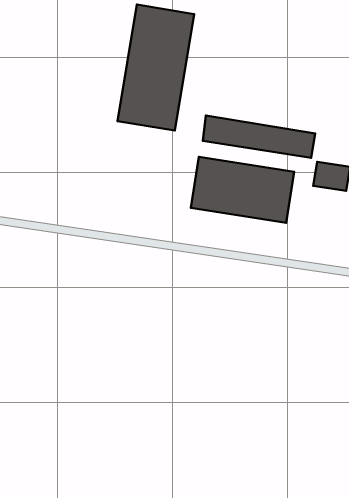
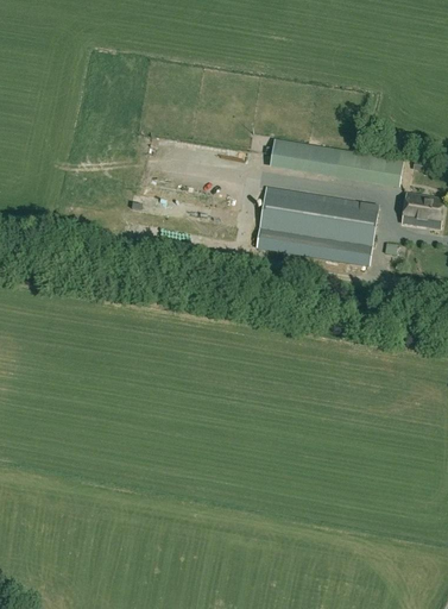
building: [118,5,194,131] -> none

